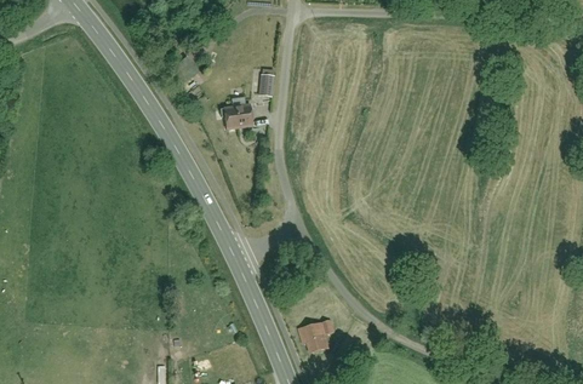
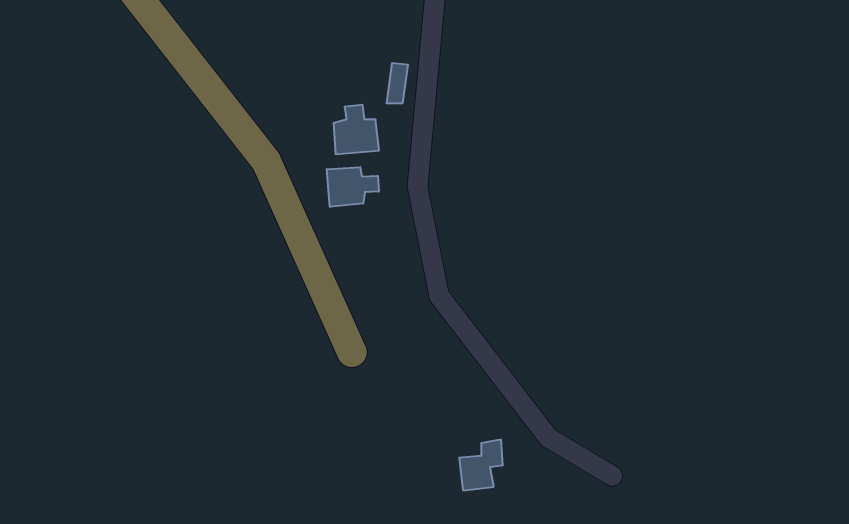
building: none -> [327,167,379,207]

